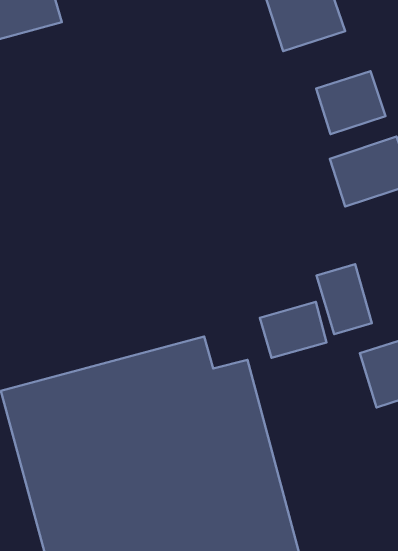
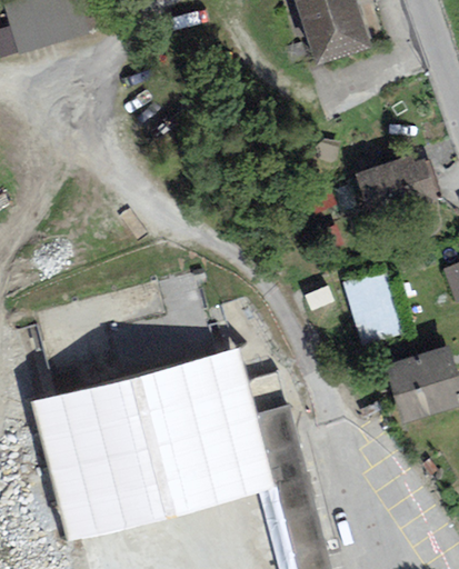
building: [316,71,385,134] -> none
building: [260,302,326,358] -> none

